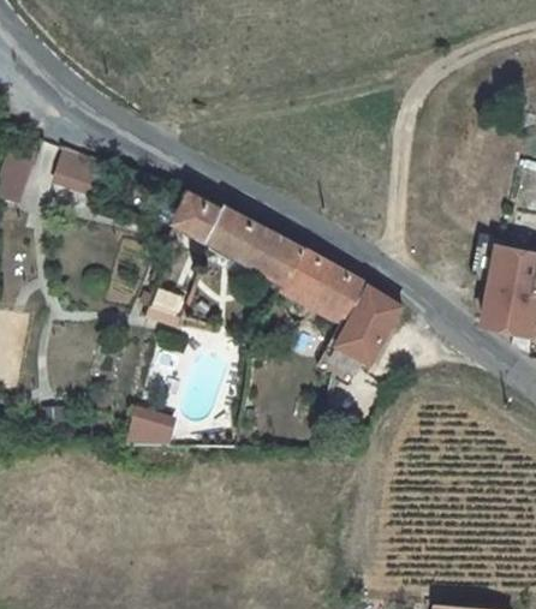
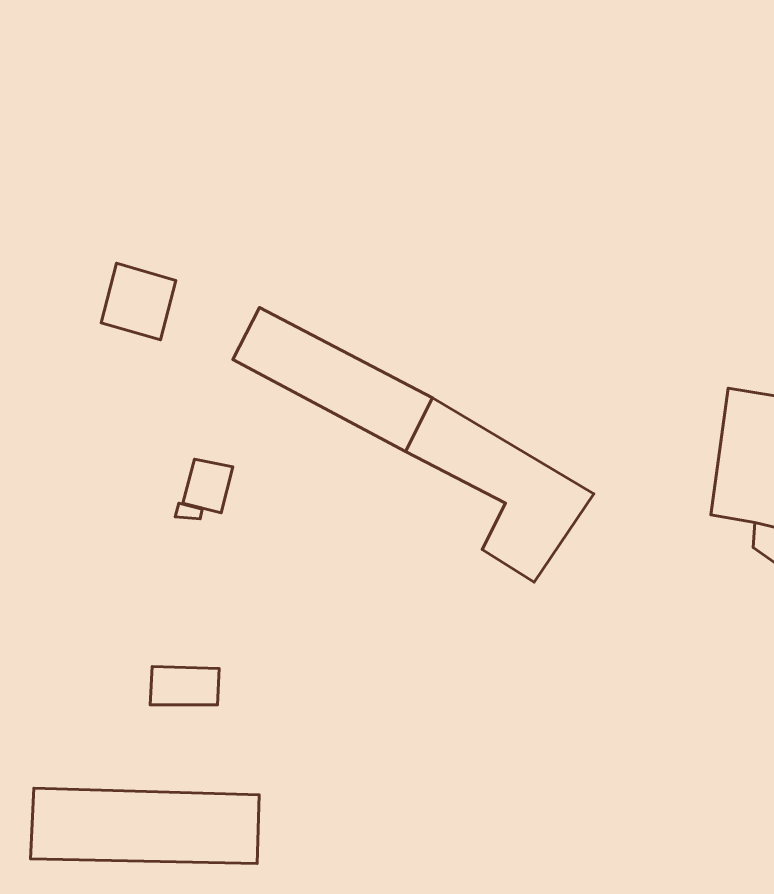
building: [50,145,97,193] -> [101,263,176,340]
building: none -> [31,788,259,863]

